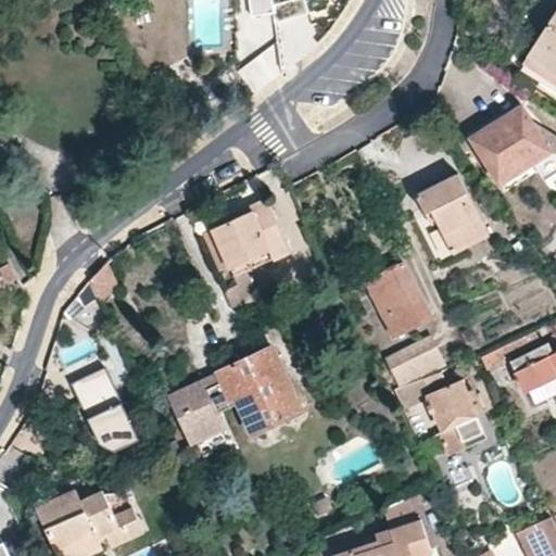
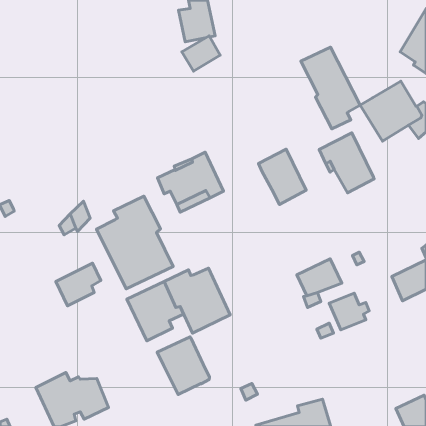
building: none -> [301,47,360,129]
building: none -> [97,196,173,289]
building: [368,264,430,336] -> [259,149,306,204]
building: [81,392,136,452] -> none
building: none -> [157,337,210,394]

